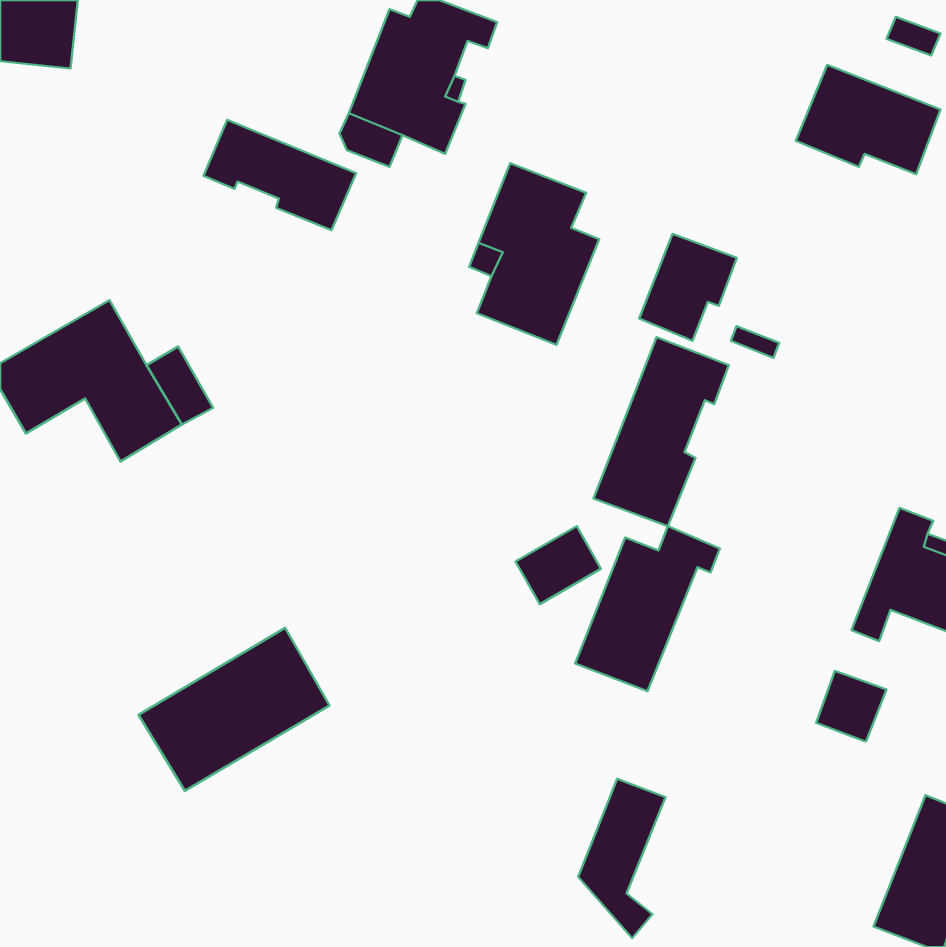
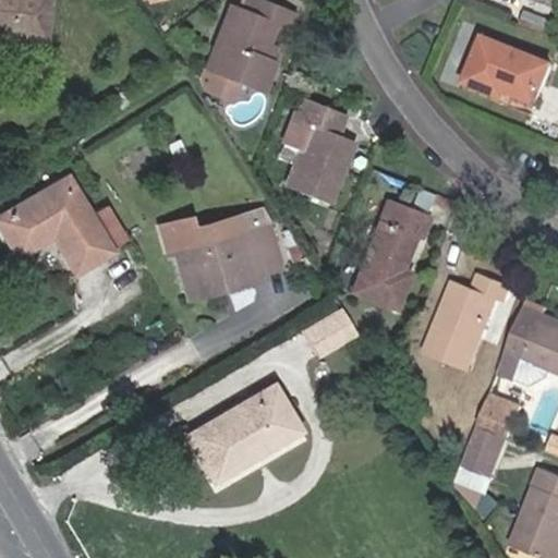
building: [204,120,356,230] -> none
building: [639,234,737,341] -> none
building: none -> [159,208,281,299]
building: [575,526,720,691] -> [427,274,512,371]
building: [139,628,330,791] -> [185,384,298,480]
building: [578,779,665,938] -> [458,425,509,519]

